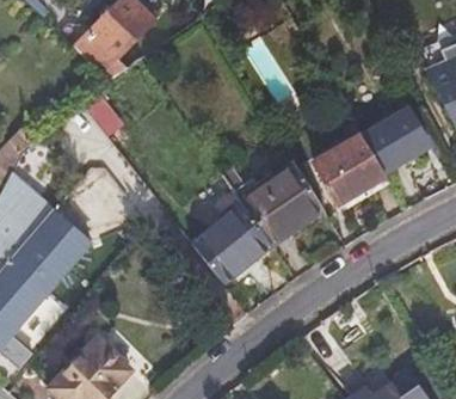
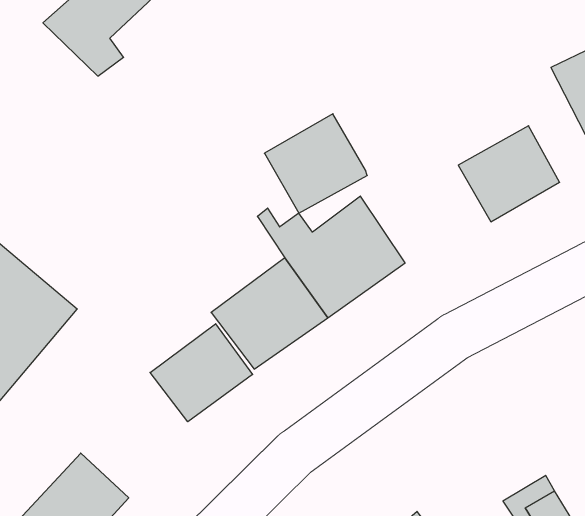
building: [312,141,383,210] -> [264,114,367,213]
building: none -> [150,324,253,422]

